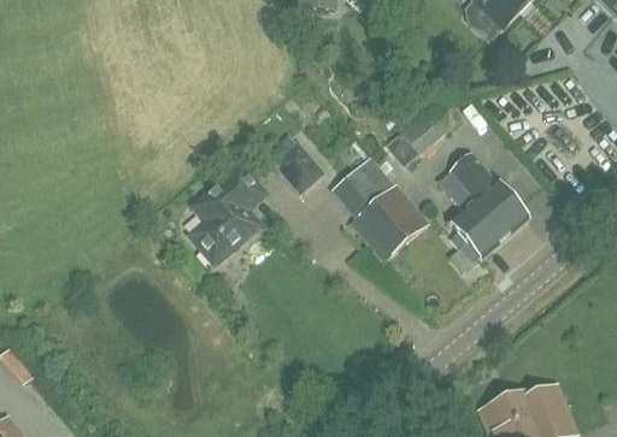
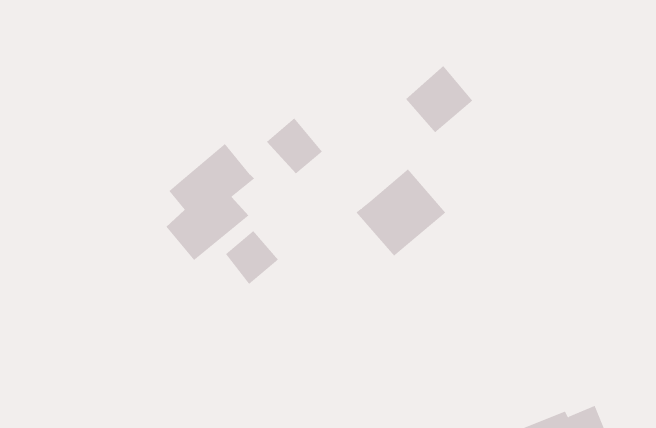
building: [437,153,527,258] -> none
building: [339,157,395,213] -> none
building: none -> [225,230,279,285]

